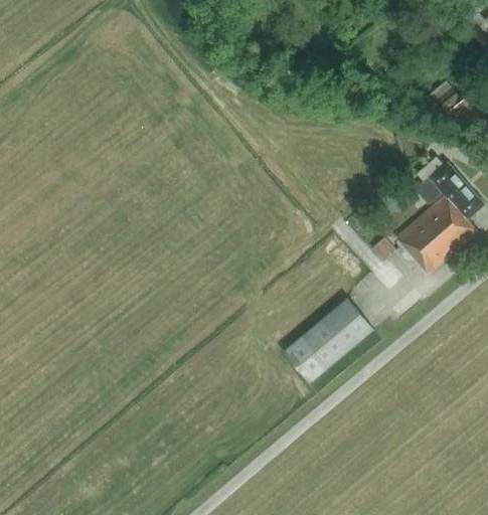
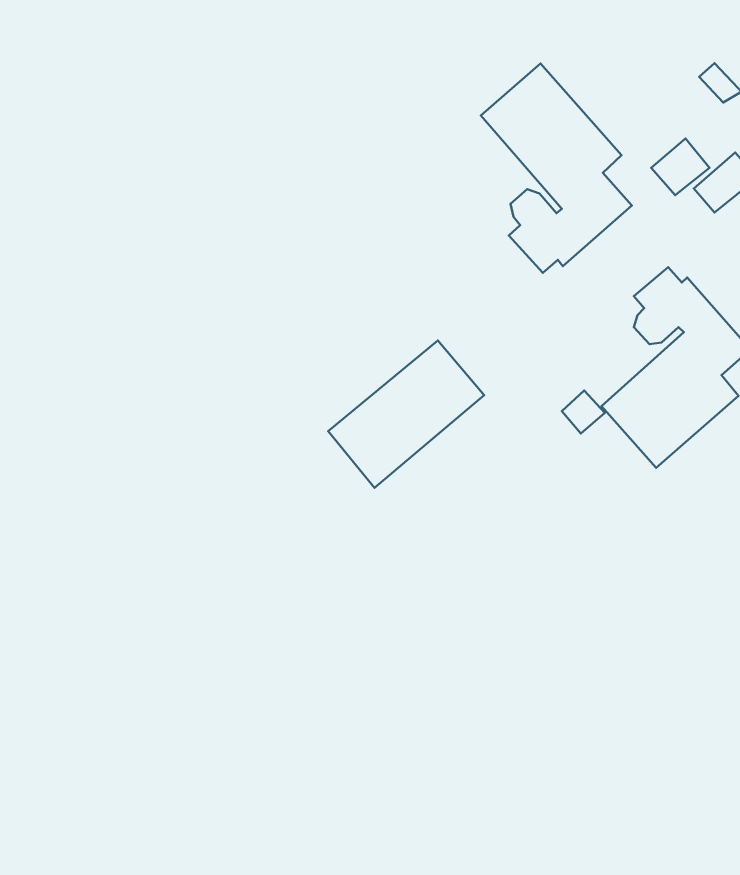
building: none -> [481,64,632,273]
building: [281,298,372,384] -> [328,340,484,488]

